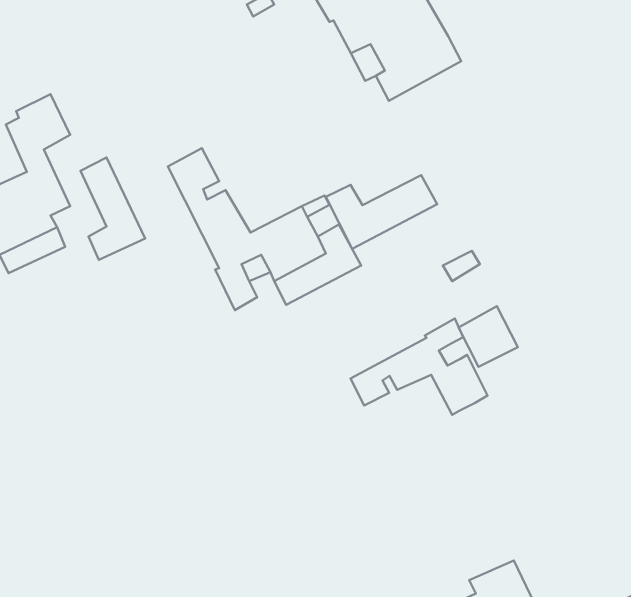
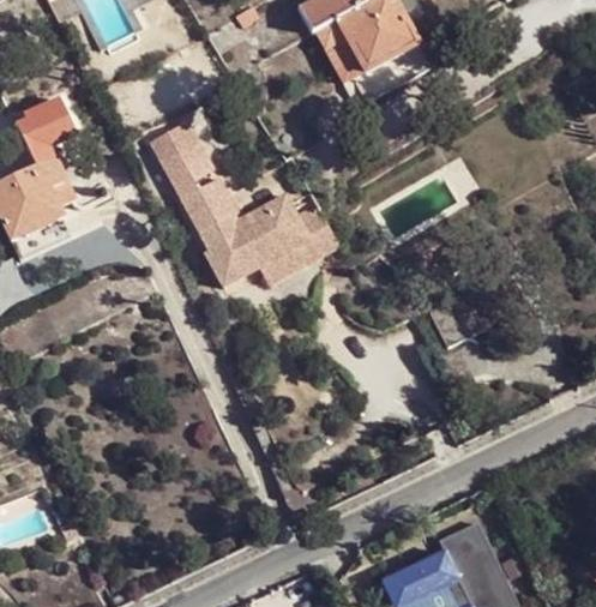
building: [81,158,145,260] -> none
building: [326,175,437,249] -> none
building: [351,319,487,415] -> none

